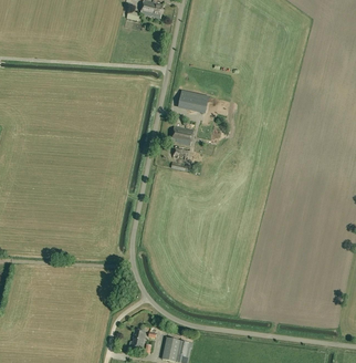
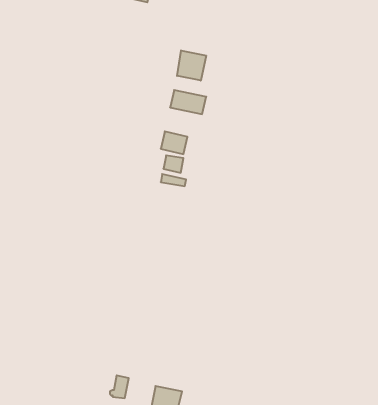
building: none -> [177,50,206,81]

